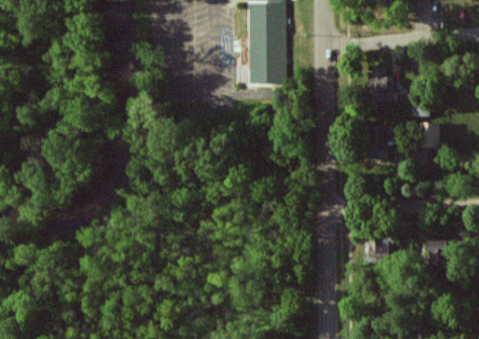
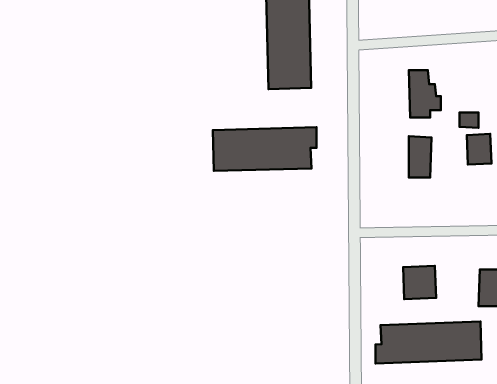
building: none -> [213,127,317,171]
building: none -> [375,321,482,363]

